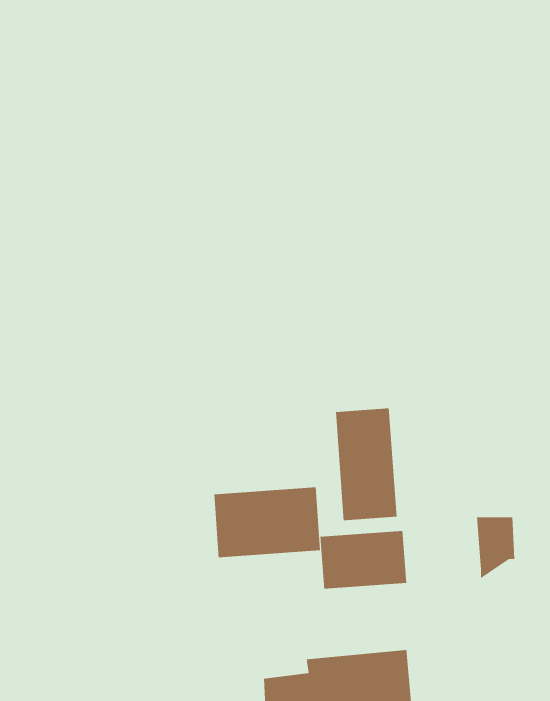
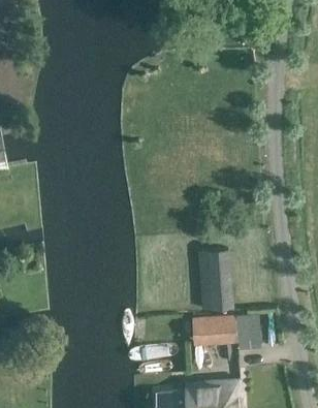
building: [214,487,320,558] -> none
building: [476,517,515,579] -> [236,313,257,346]

